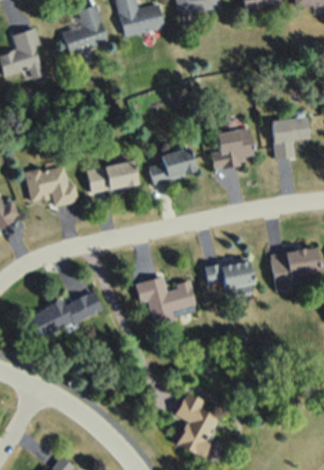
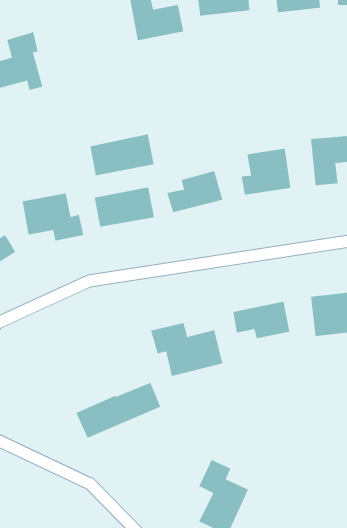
building: [63,6,107,54] -> none
building: none -> [90,133,154,176]
building: [29,289,102,337] -> [75,382,161,439]

